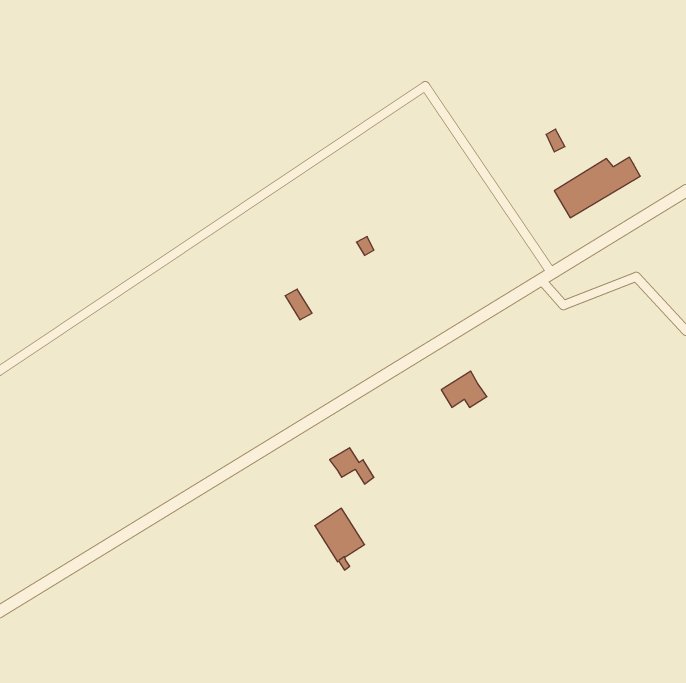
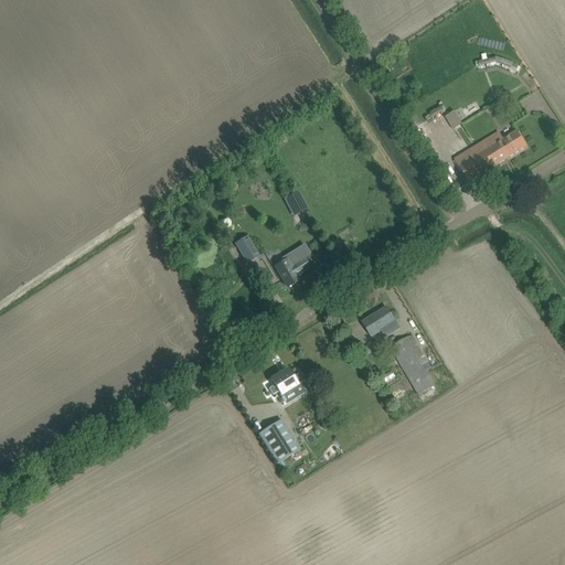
building: none -> [275,244,311,285]
building: none -> [390,333,434,393]

